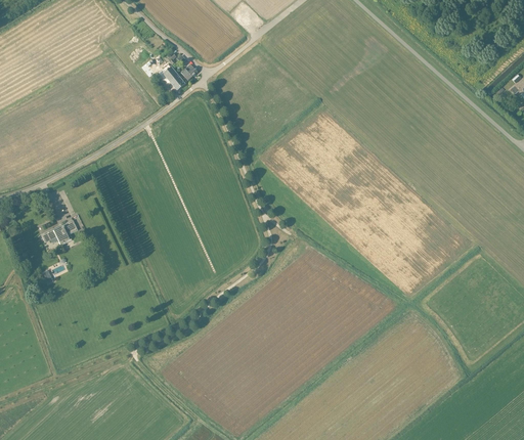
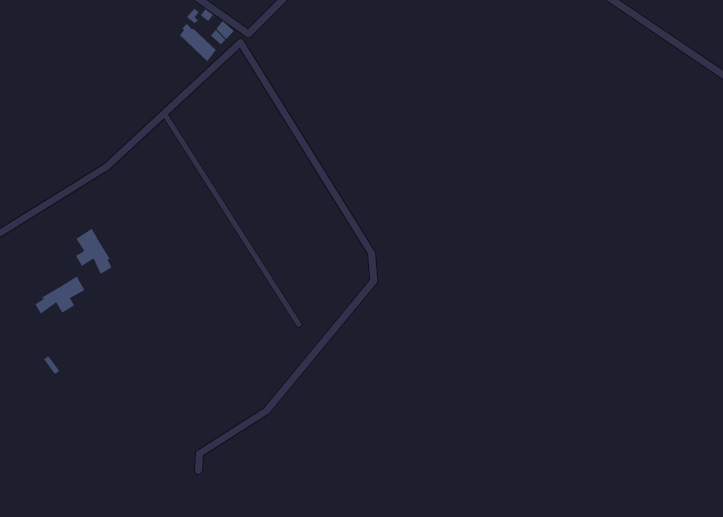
building: none -> [75,228,112,275]

